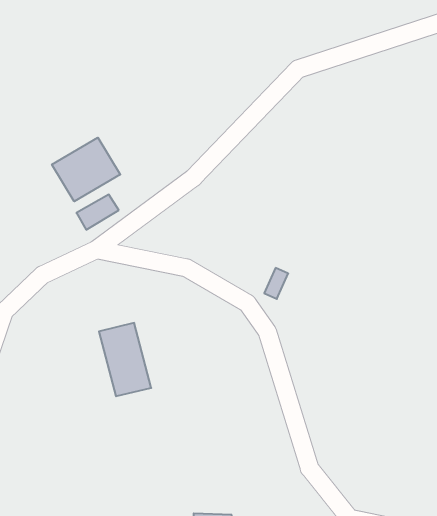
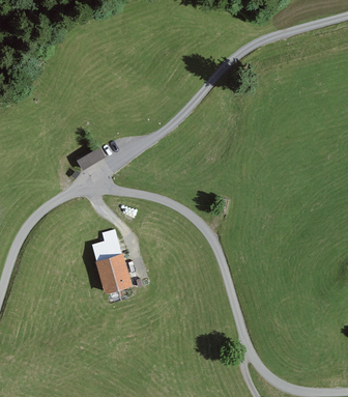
building: [52,138,120,201] -> none

